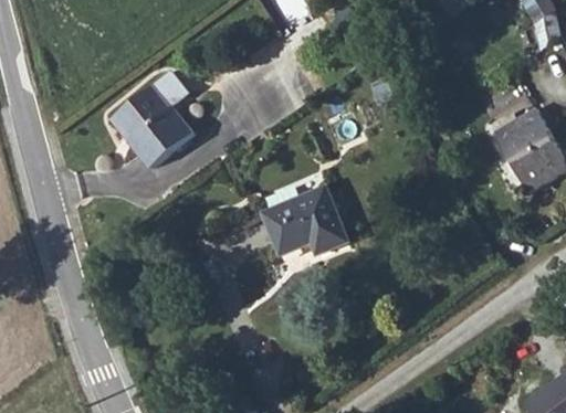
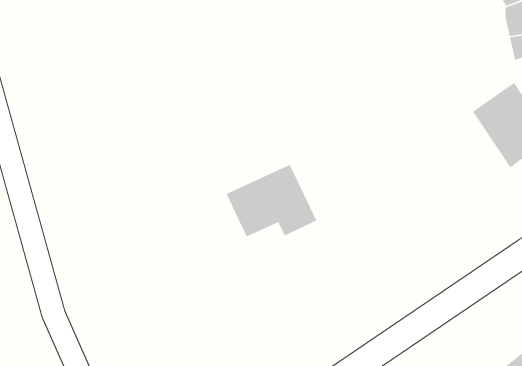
building: [114,85,192,165] -> none

